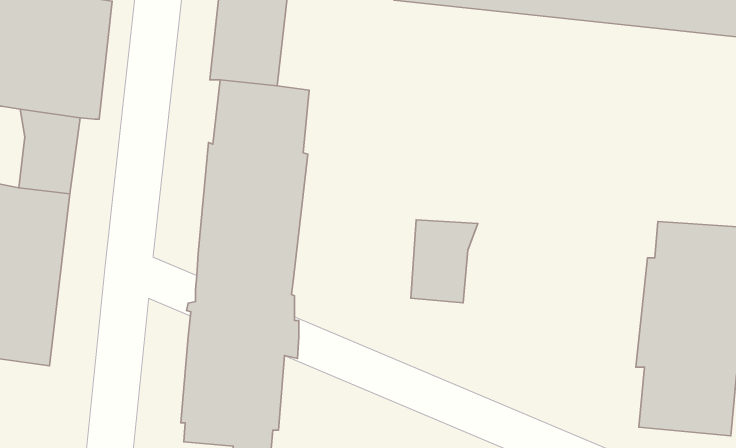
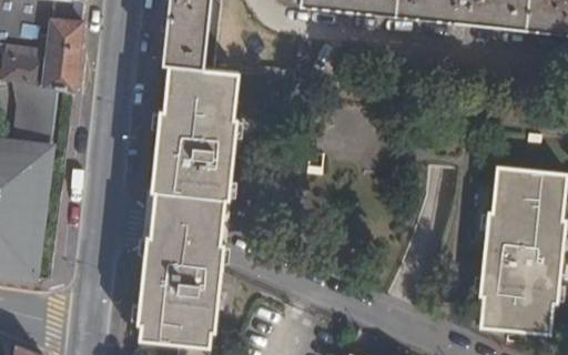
building: [411,220,478,303] -> none

